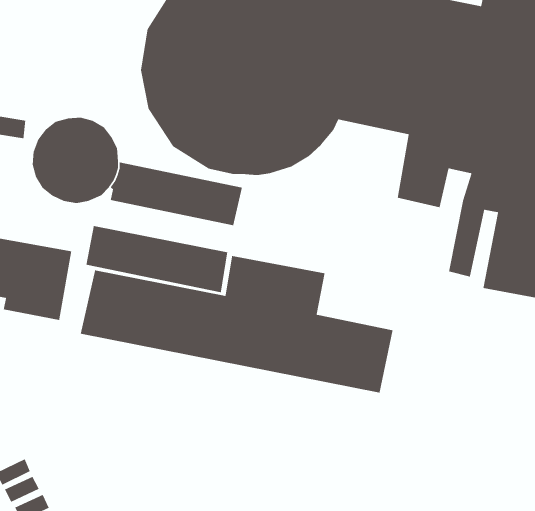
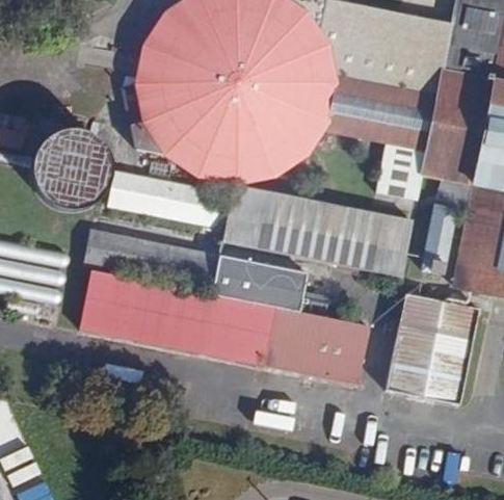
building: none -> [222,185,413,278]
building: none -> [386,294,478,404]

